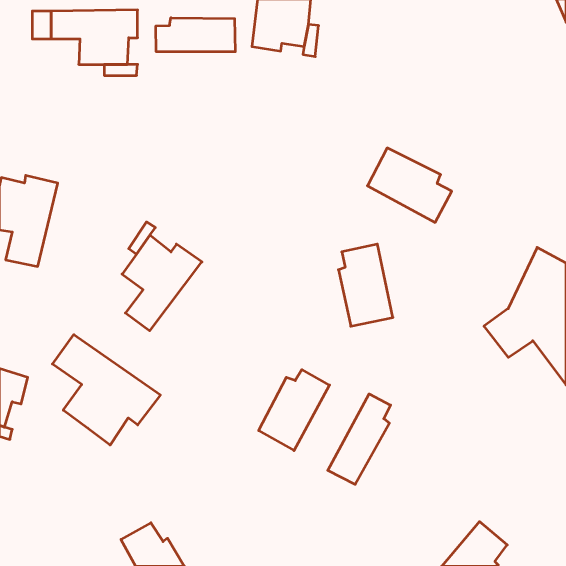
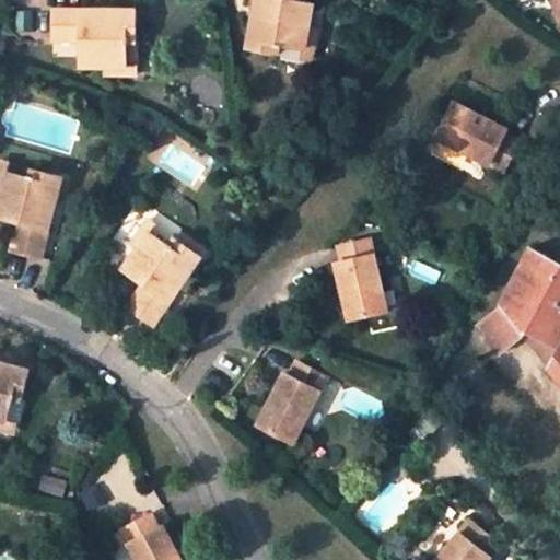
building: [156,18,235,52] -> none
building: [367,148,452,222] -> [433,102,516,175]
building: [52,335,160,445] -> none
building: [328,394,391,484] -> none

